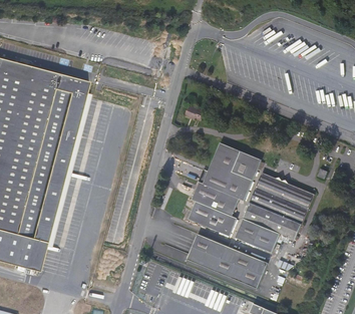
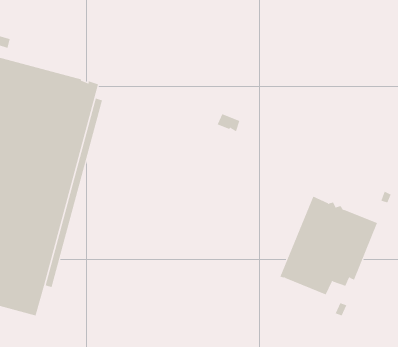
building: [189,141,262,236] -> none
building: [190,234,270,289] -> none

